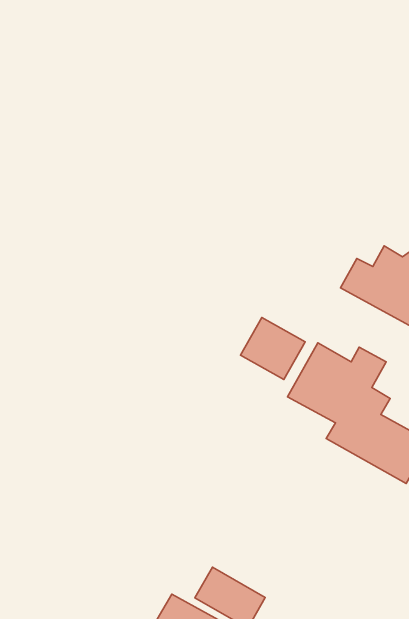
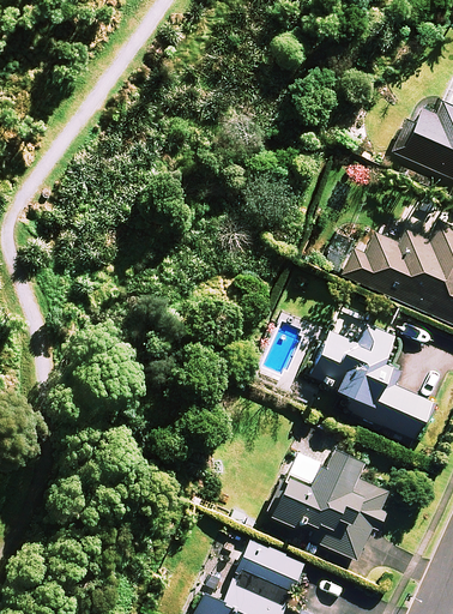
building: [241,318,305,379] -> none
building: none -> [274,438,394,546]

